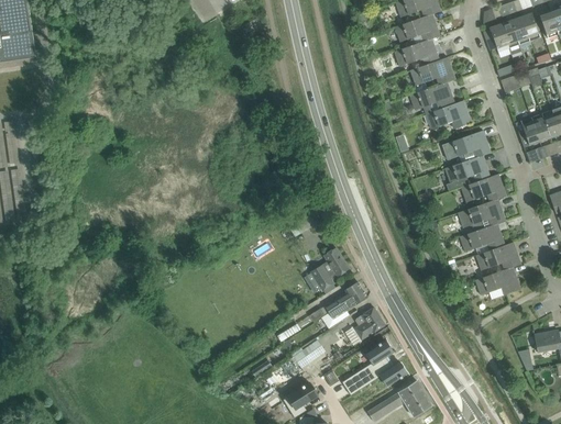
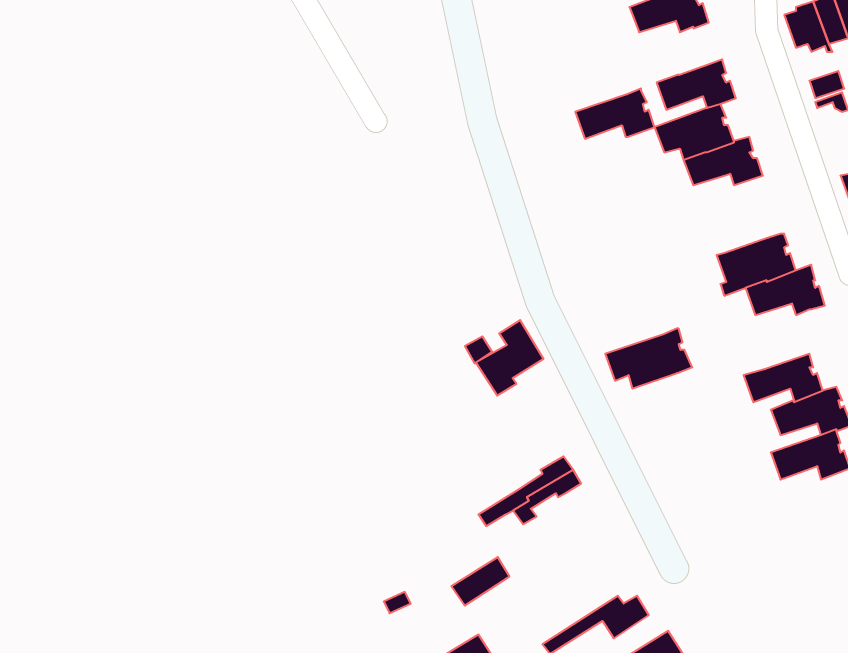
building: [394,38,439,67] -> [575,88,655,139]
building: [442,131,491,160] -> none
building: [457,199,506,233] -> [605,329,692,389]
building: [310,247,349,290] -> [476,320,544,396]
building: [354,308,384,339] -> none
building: [342,341,393,389] -> none

